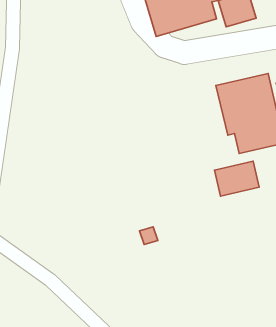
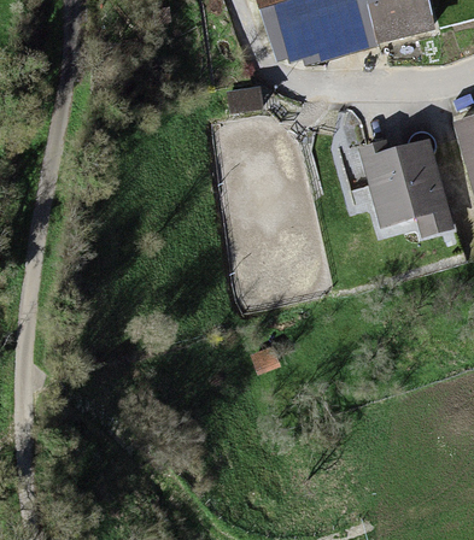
building: [215,161,259,196] -> none

